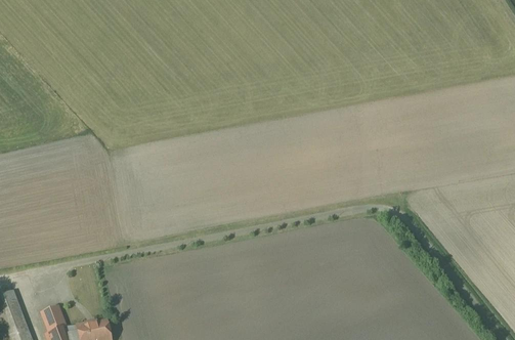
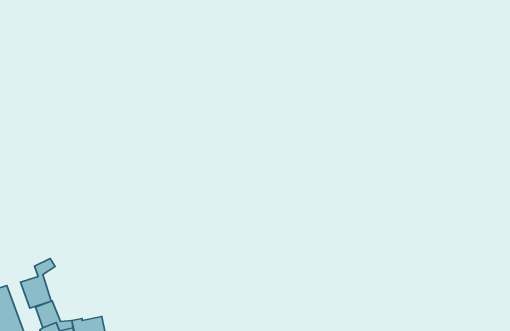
building: none -> [21,259,55,308]

